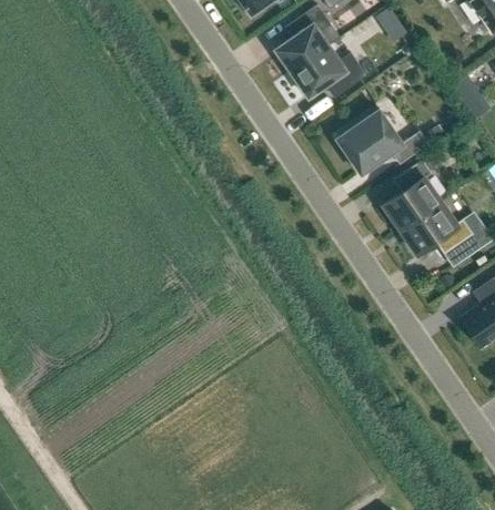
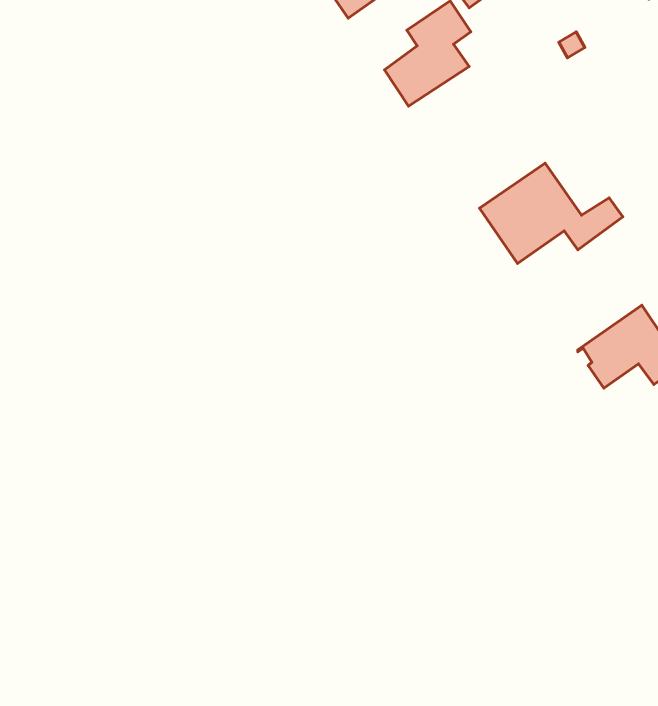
building: [292,47,367,96] -> none
building: [384,160,442,228] -> none

